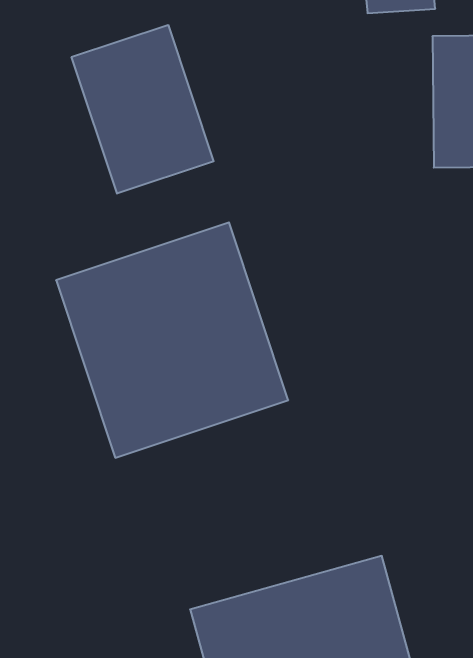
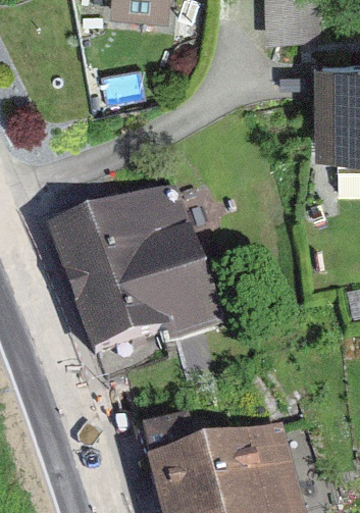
building: [72,25,214,194] -> none

